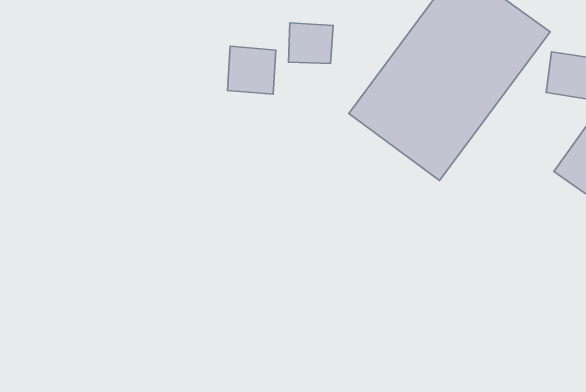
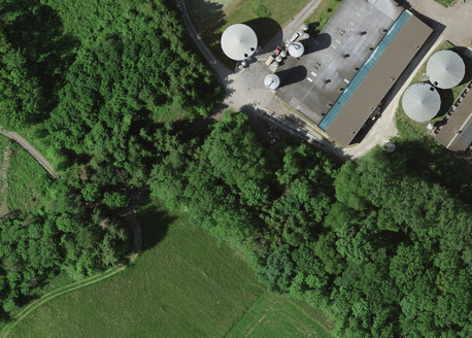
building: [228,46,276,94] -> none
building: none -> [403,78,447,120]

